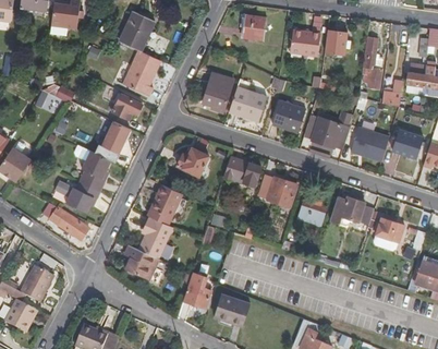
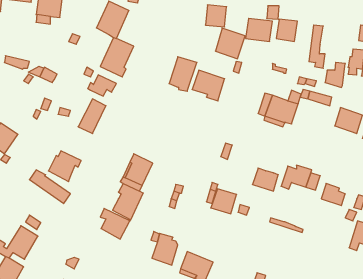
building: [272,97,306,132] -> [215,28,245,59]
building: [350,125,389,160] -> none
building: [75,142,113,190] -> none
building: [178,147,209,176] -> none
building: [224,157,263,185] -> none
building: [268,177,297,205] -> [211,189,237,214]

